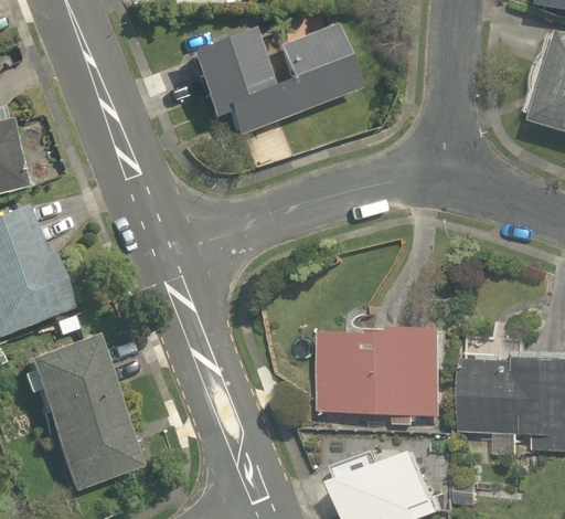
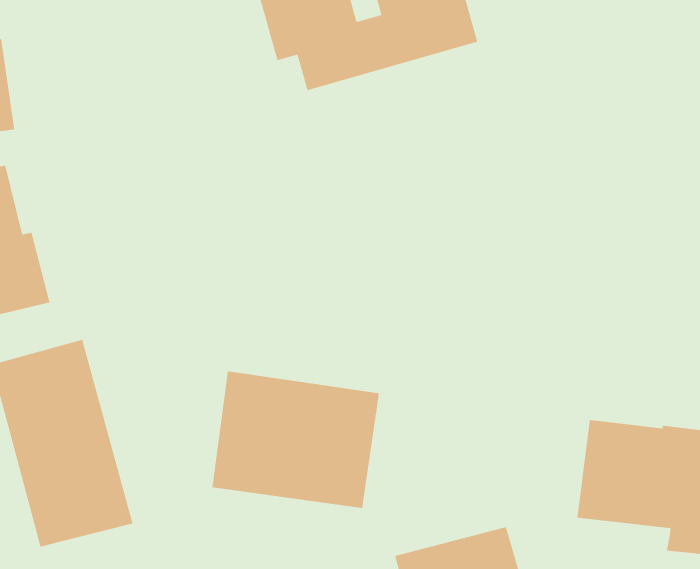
building: [322,325,449,443] -> none
building: none -> [212,370,380,509]

